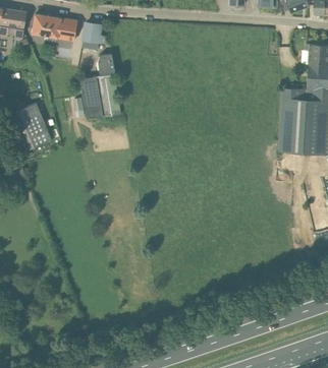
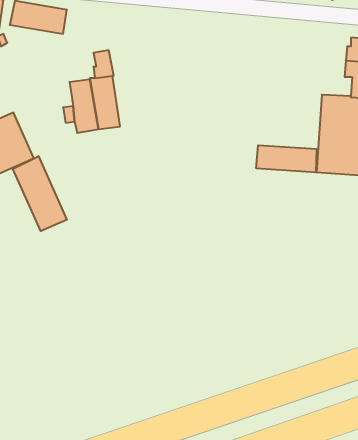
building: [81,22,100,49] -> none
building: none -> [256,145,316,172]
building: none -> [13,156,67,231]

